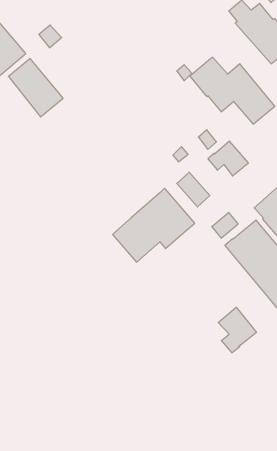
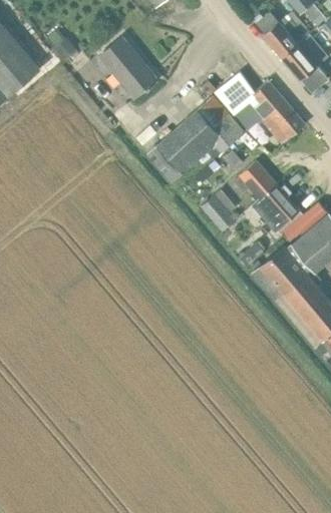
building: [8,59,63,117] -> [99,37,157,99]
building: none -> [254,185,299,230]
building: [113,188,195,262] -> [158,96,246,174]
building: [218,307,256,353] -> none

